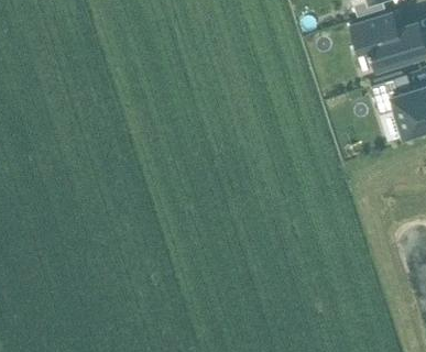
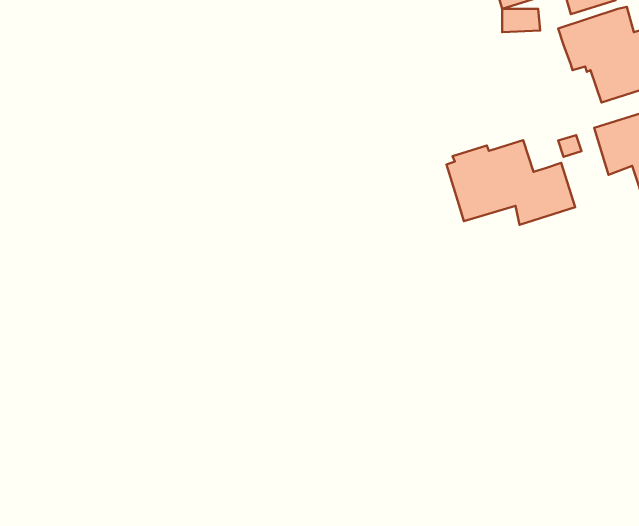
building: none -> [446,140,575,225]

